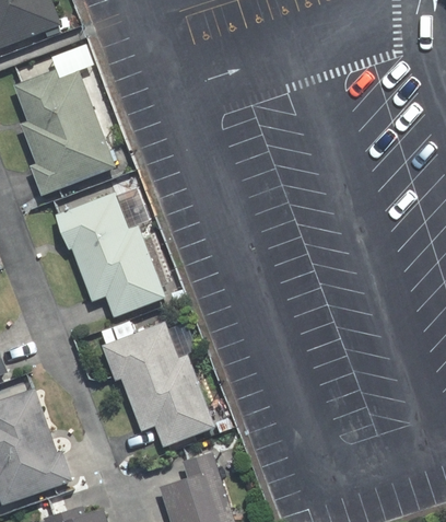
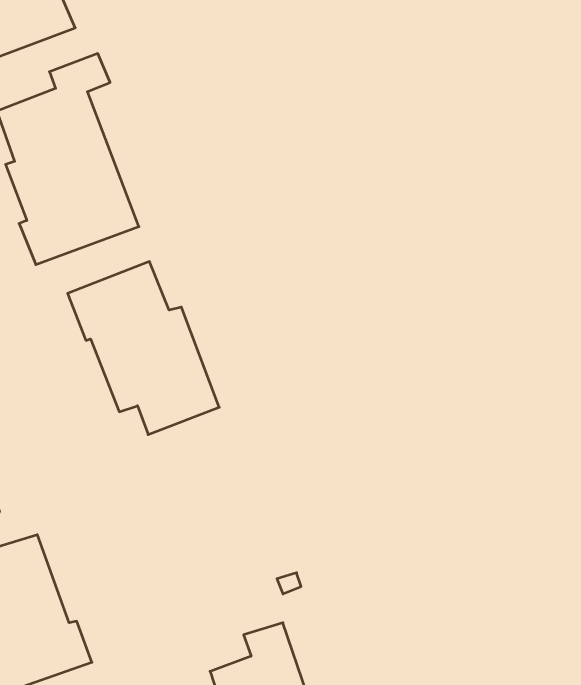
building: [95,322,210,448] -> none

